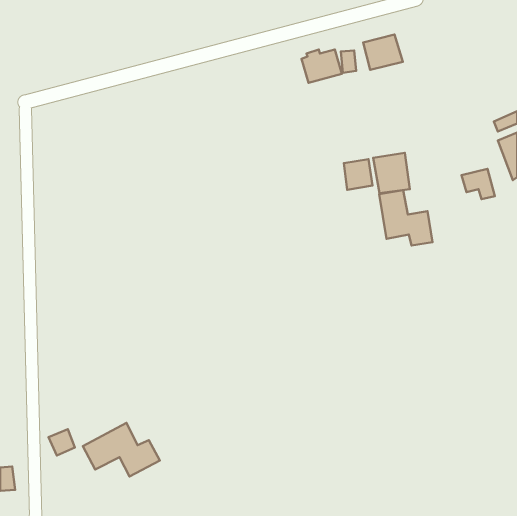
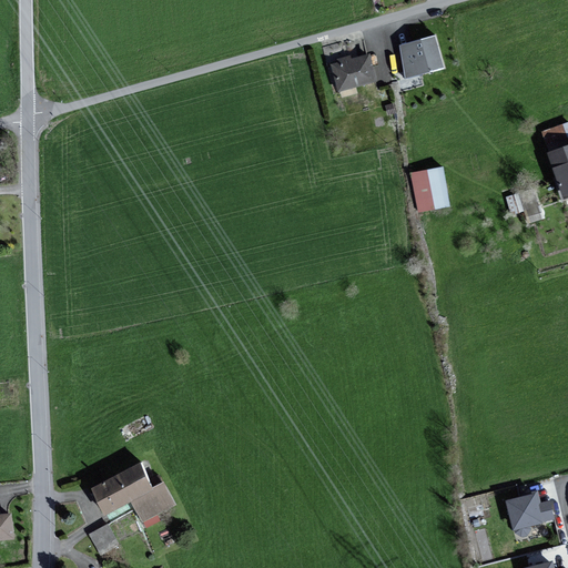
building: [344,159,373,190] -> none
building: [379,190,432,245] -> none
building: [49,429,75,455] -> [89,519,118,548]
building: none -> [505,493,554,532]

